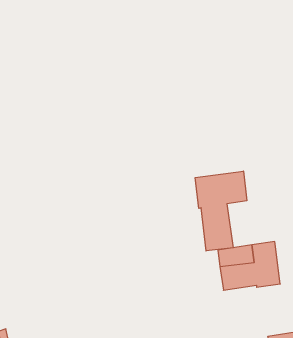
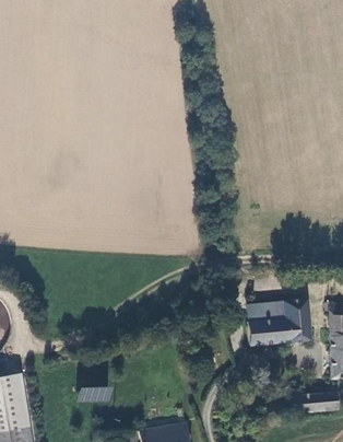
building: [195,171,247,251] -> none

